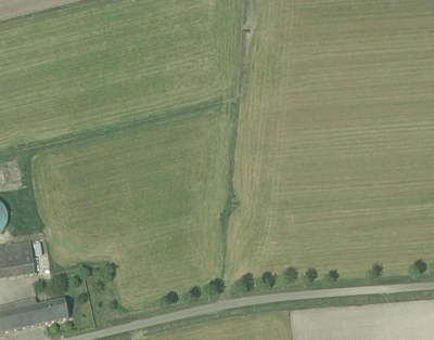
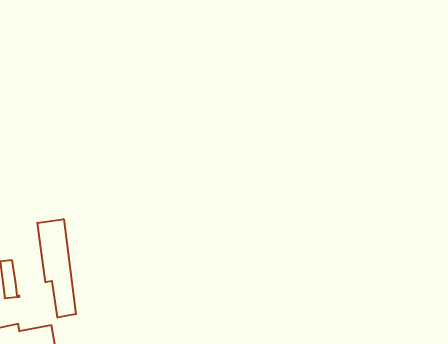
building: none -> [37,219,76,318]

